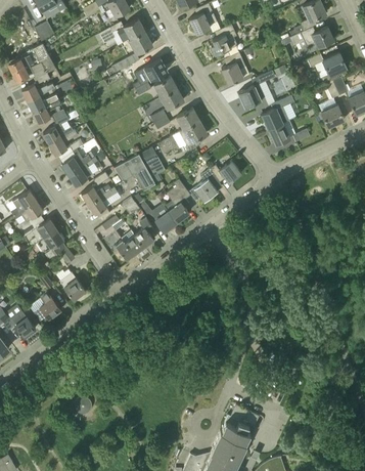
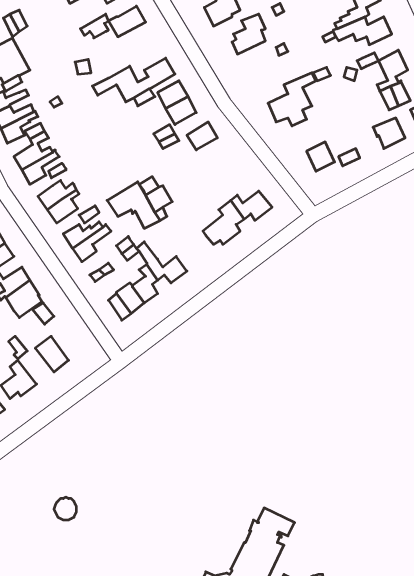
building: [106,31,152,75] -> none
building: [221,52,245,84] -> none
building: [262,95,293,130] -> none
building: [183,120,207,151] -> none
building: [166,179,190,222] -> none

